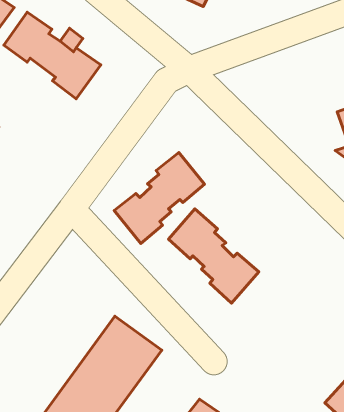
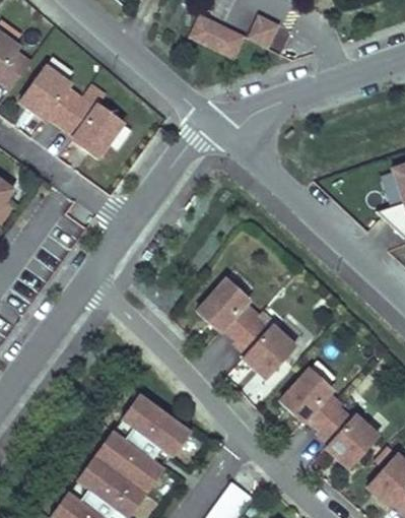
building: [114,152,205,243] -> none
building: none -> [281,367,379,468]

